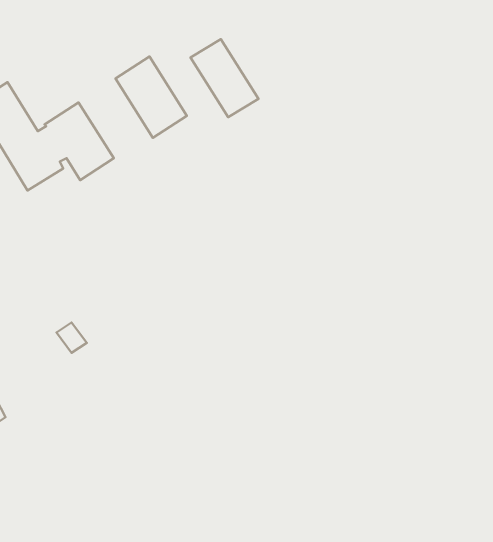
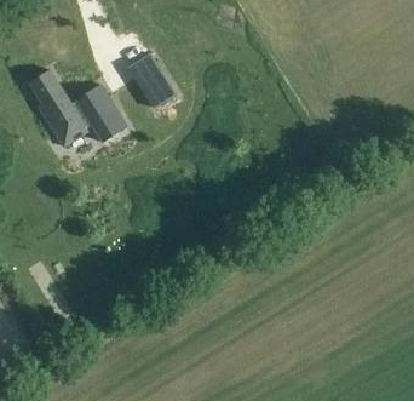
building: [191,39,258,117] -> none

